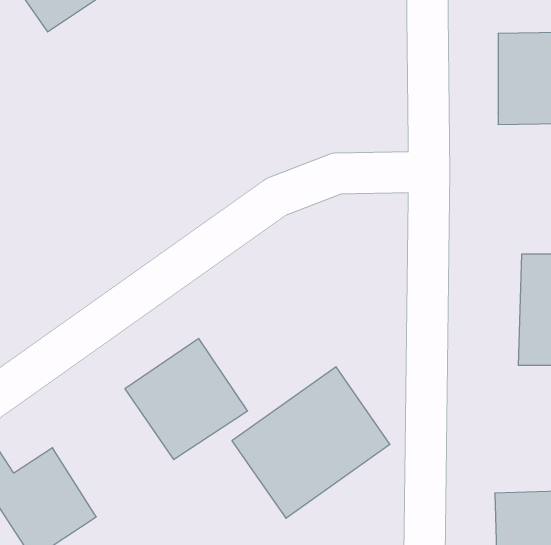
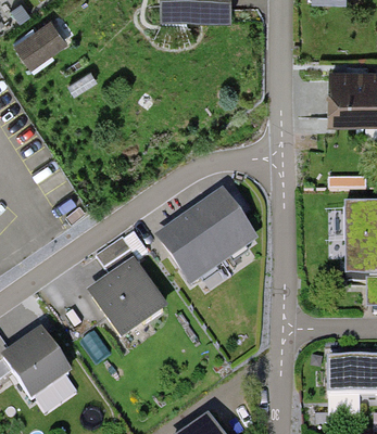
building: [232,367,390,518] -> [160,187,262,284]

